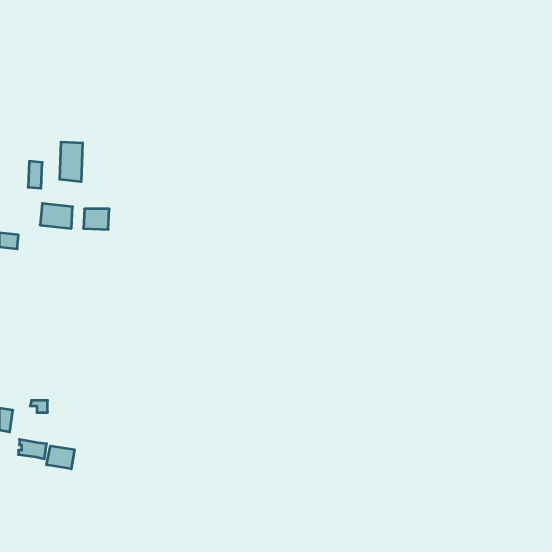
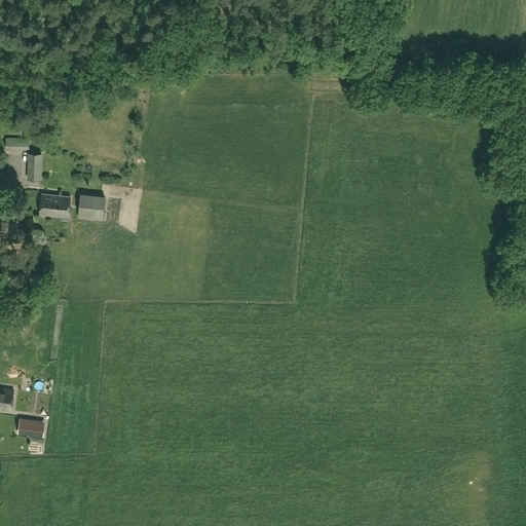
building: [60,142,83,182] -> none
building: [47,446,74,469] -> none

